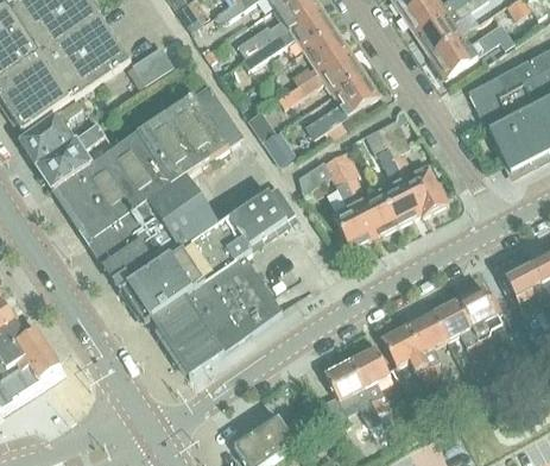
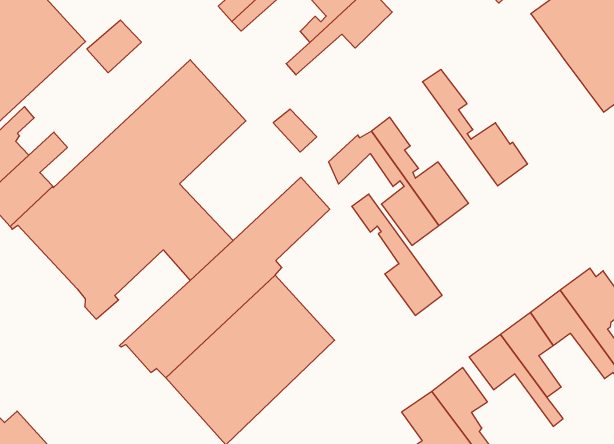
building: [305,73,379,140] -> none
building: [363,128,421,225] -> [352,194,442,315]
building: [106,223,181,290] -> none

